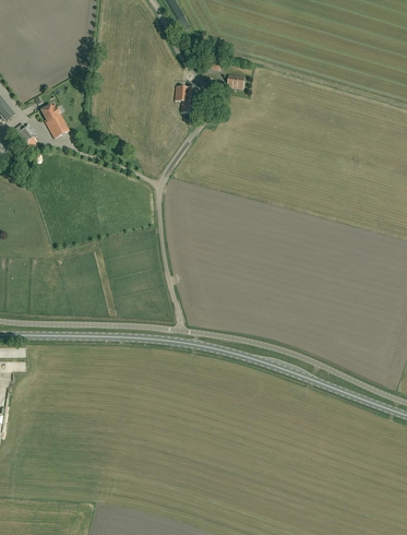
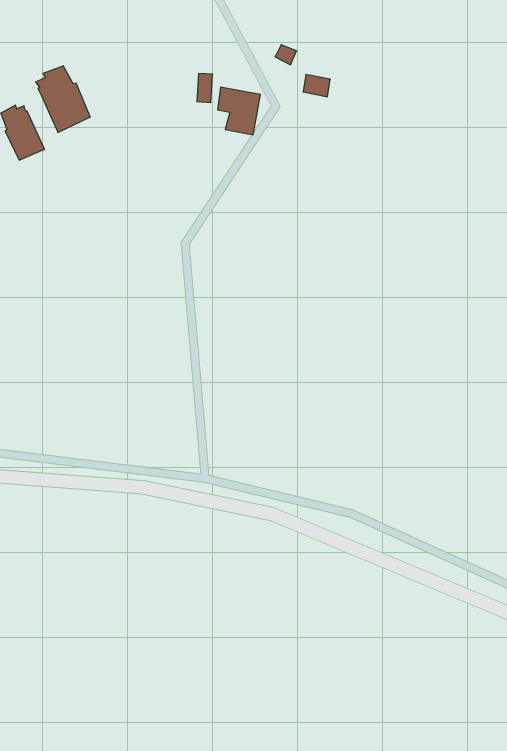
building: none -> [36,66,90,133]

